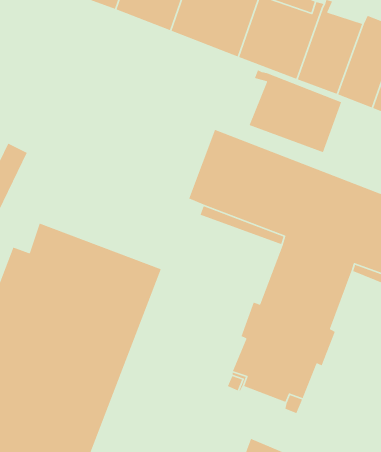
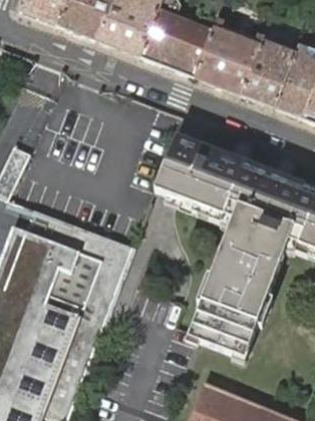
building: [248,69,342,153] -> none

